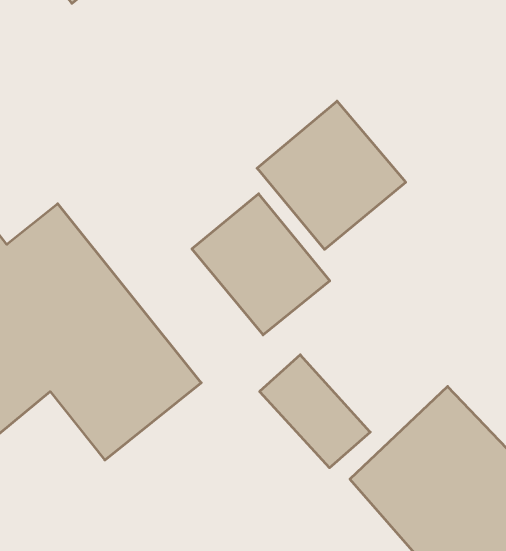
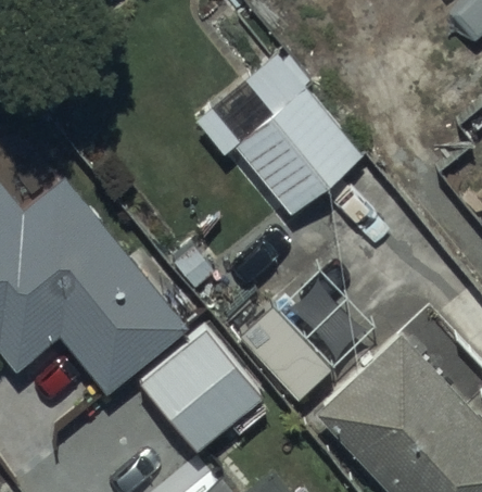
building: [192,194,330,335] -> none
building: none -> [141,323,272,452]

